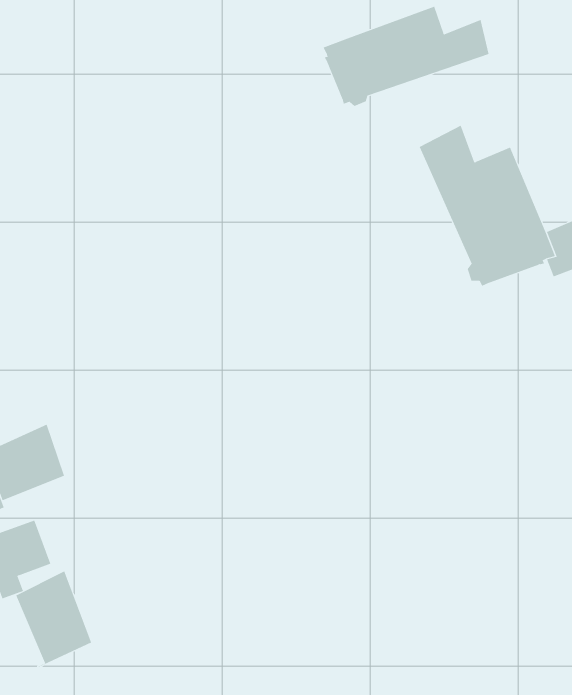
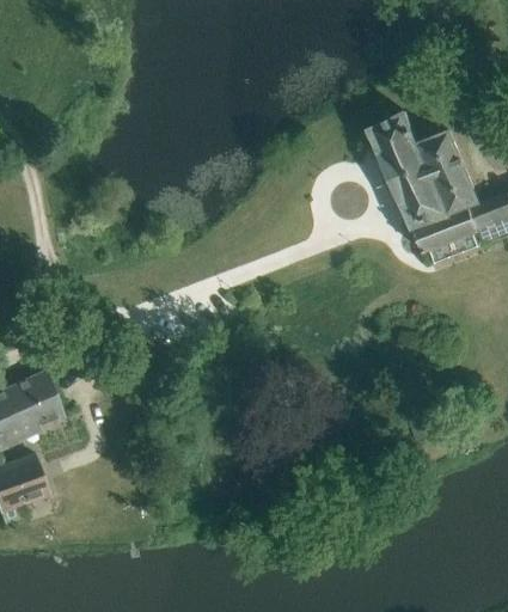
building: [323,6,489,107] -> none
building: [16,570,92,667] -> none

